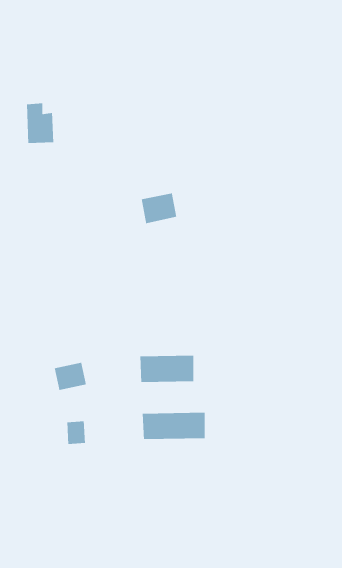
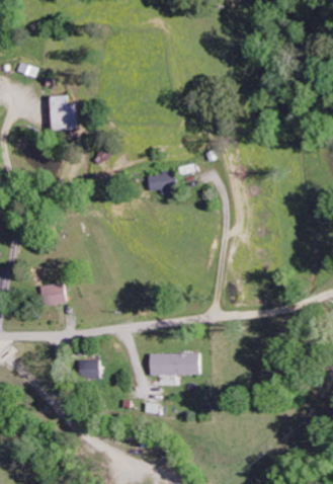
building: [140,355,194,383] -> none
building: [54,362,87,391] -> [40,283,68,307]

